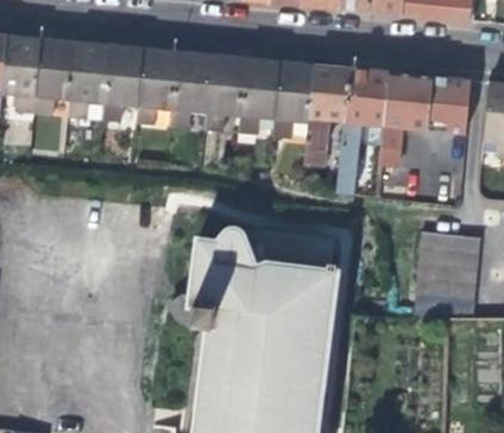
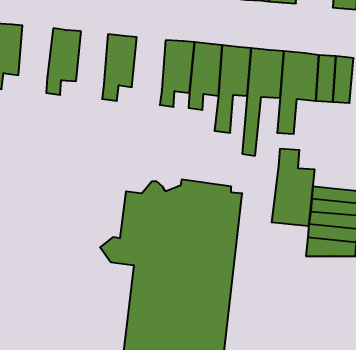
building: [67,40,111,120] -> none
building: [136,47,176,127] -> none
building: [203,55,245,134] -> none
building: none -> [272,149,314,226]

